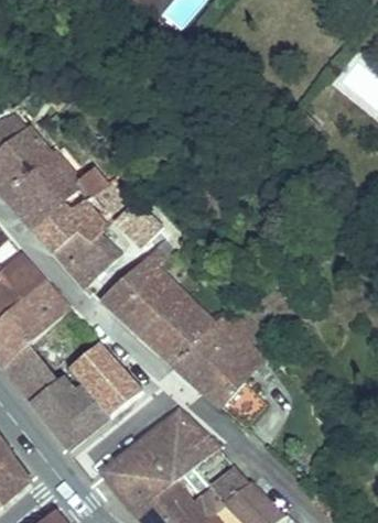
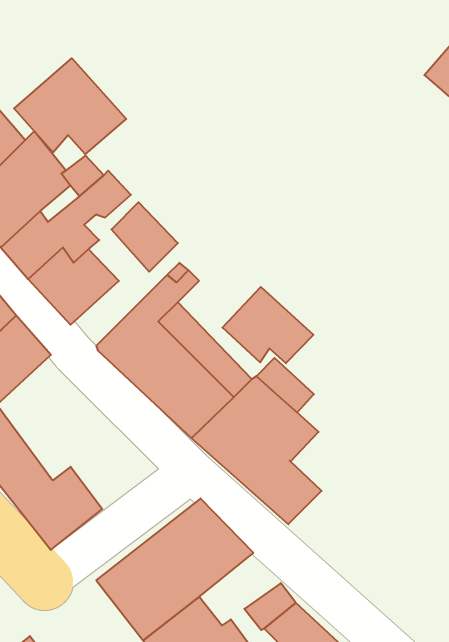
building: none -> [14,58,126,154]
building: none -> [222,287,313,363]
building: [71,344,142,417] -> none

